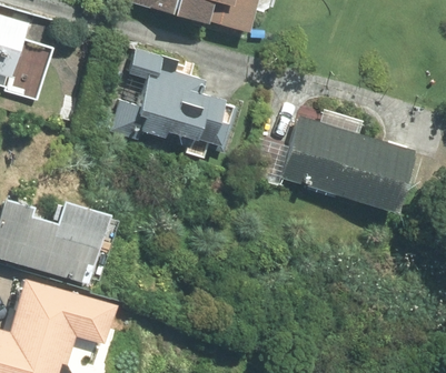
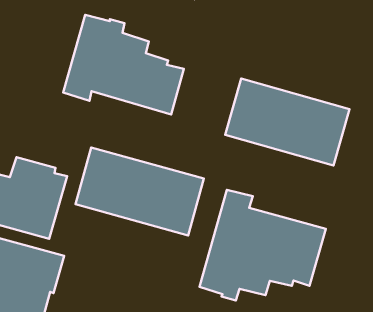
building: none -> [75,148,204,235]
building: none -> [200,190,326,301]

